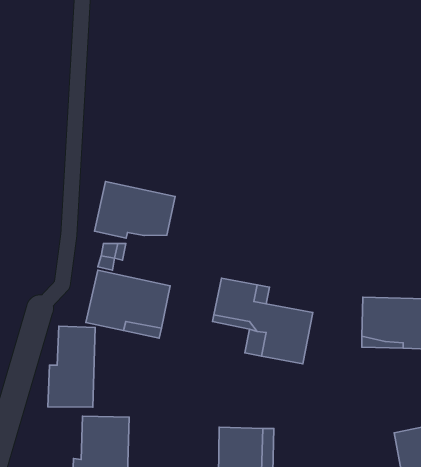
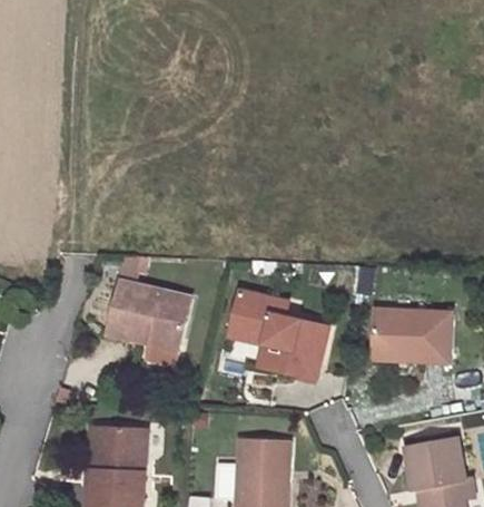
building: [94,181,175,238] -> none
building: [48,326,95,407] -> none

